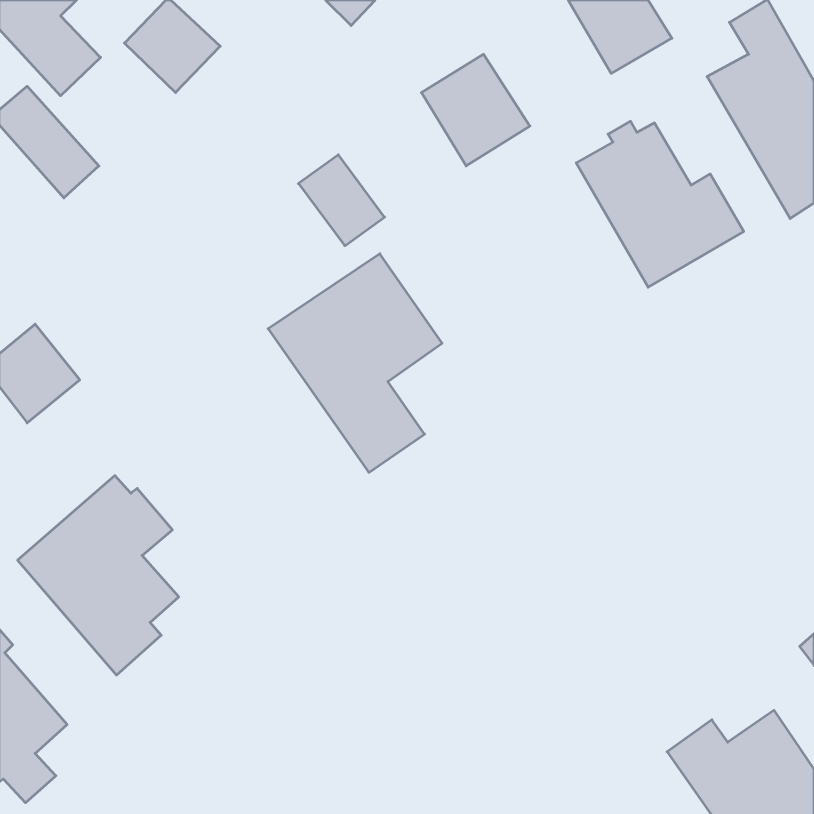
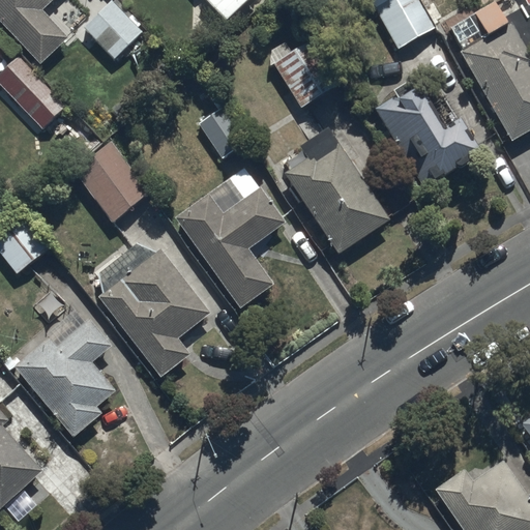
building: none -> [285,124,390,253]
building: none -> [69,140,150,224]
building: none -> [98,247,210,377]

